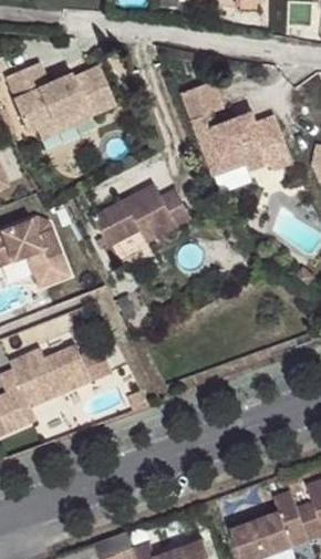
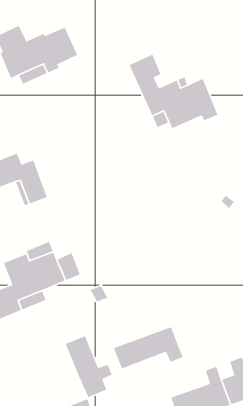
building: [93,185,191,249] -> none
building: none -> [113,326,184,370]
building: none -> [65,335,113,398]

